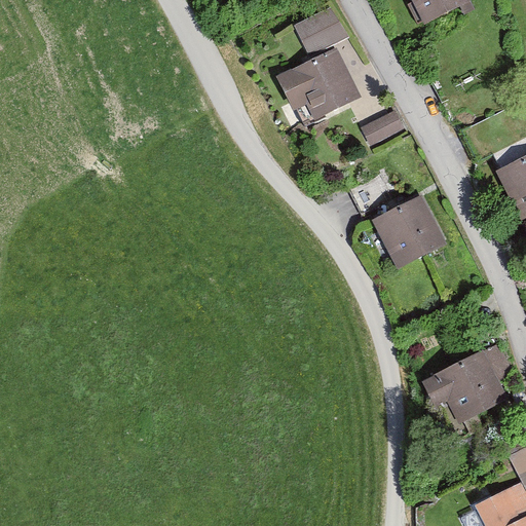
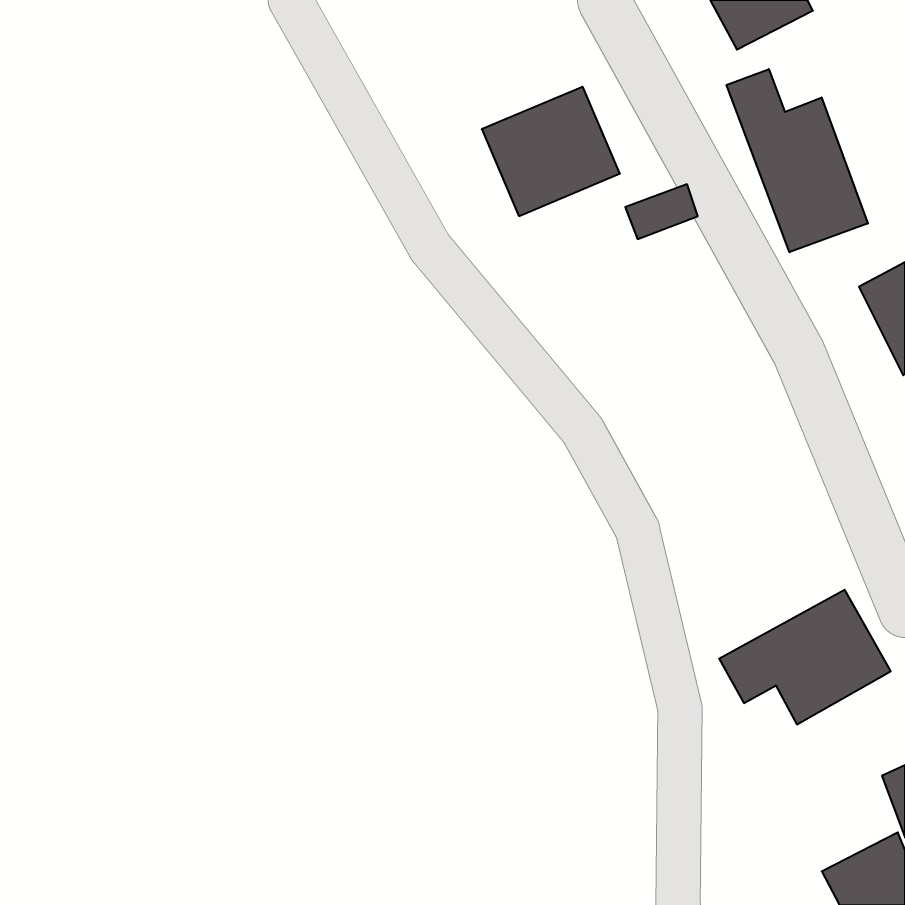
building: [296,9,345,52] -> none
building: none -> [726,69,868,252]
building: [369,194,450,271] -> none

